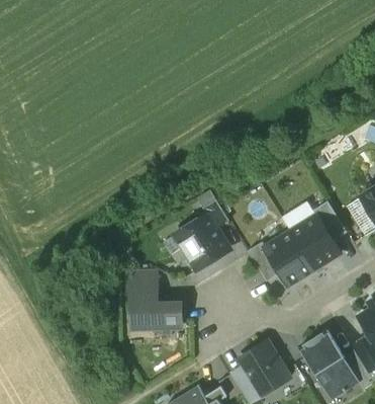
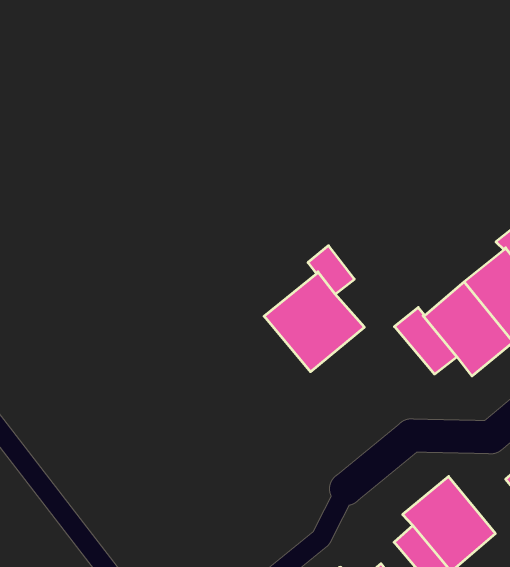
building: [130,269,181,333] -> none

